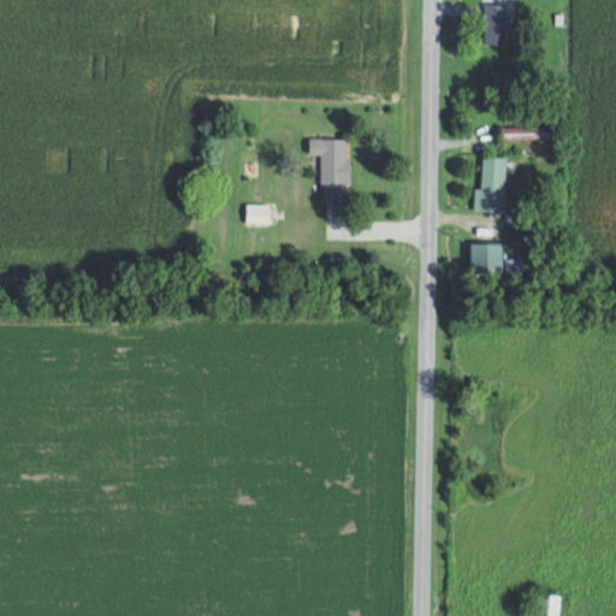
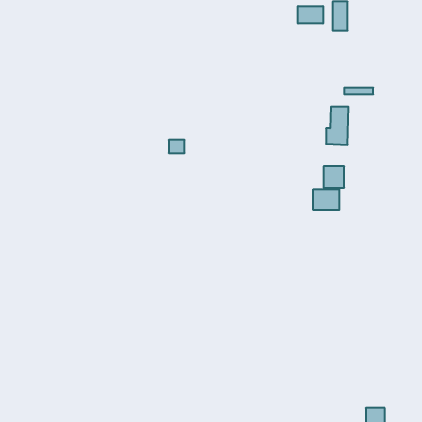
building: none -> [298,6,323,24]
building: [309,138,350,201] -> none
building: none -> [313,189,339,210]

